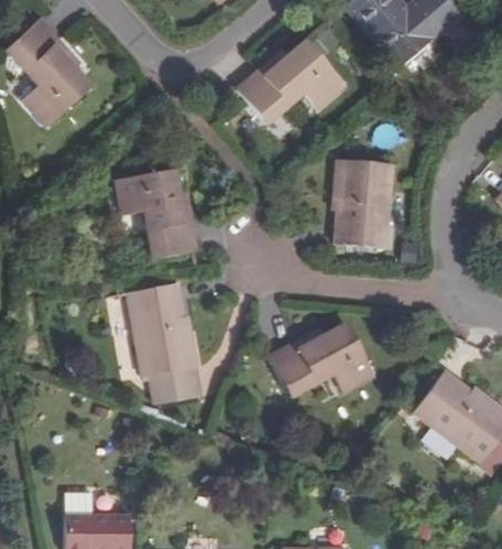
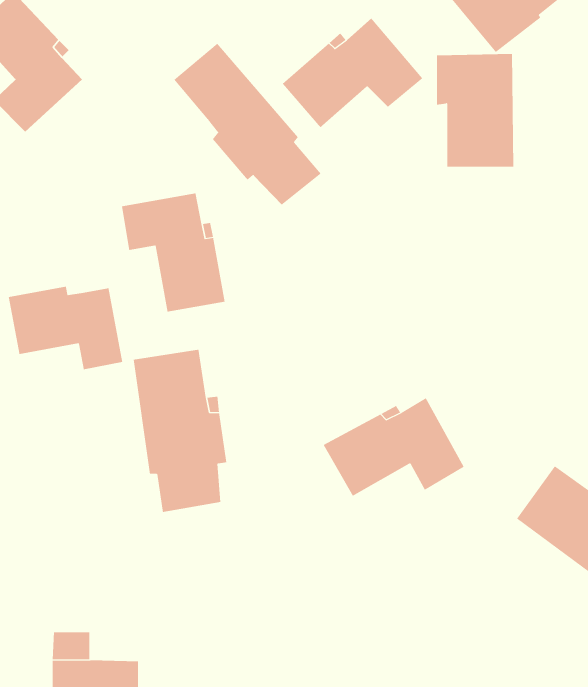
building: none -> [174,43,321,206]
building: [338,160,396,245] -> [436,54,514,167]
building: none -> [8,286,123,370]

